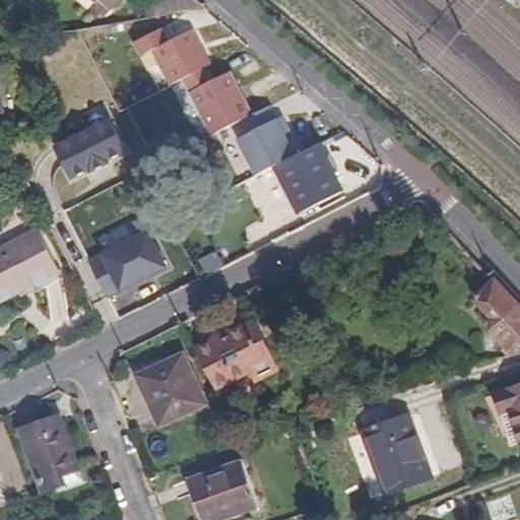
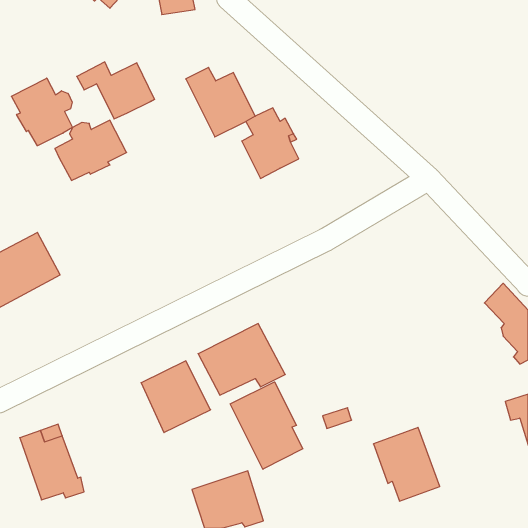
building: [132,27,208,83] -> [77,62,155,119]
building: none -> [11,78,73,146]
building: [274,143,340,212] -> none
building: [86,231,165,297] -> none
building: none -> [230,382,303,469]

